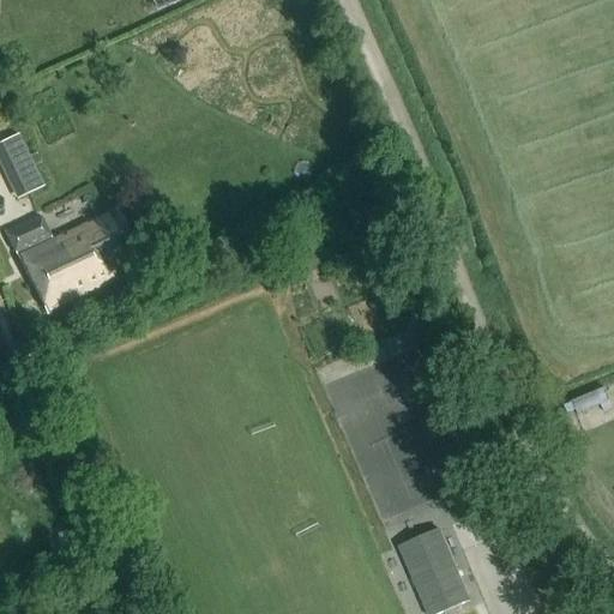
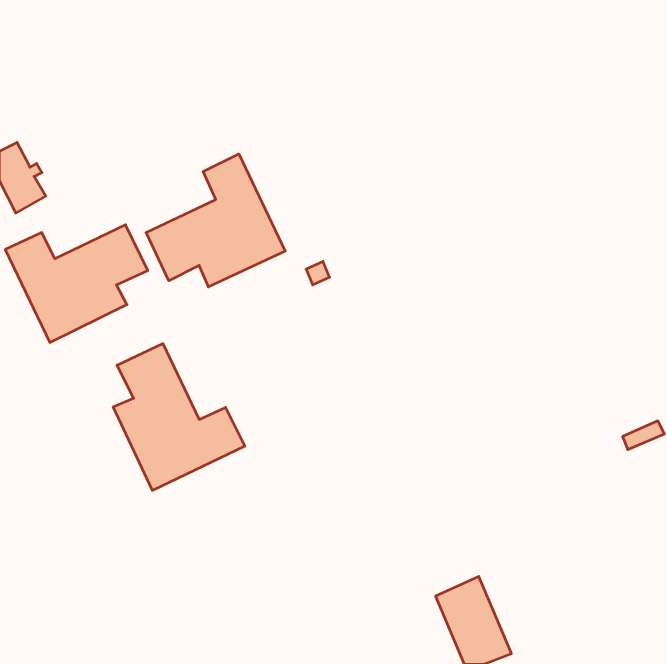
building: none -> [146,154,285,287]
building: none -> [113,344,245,490]

